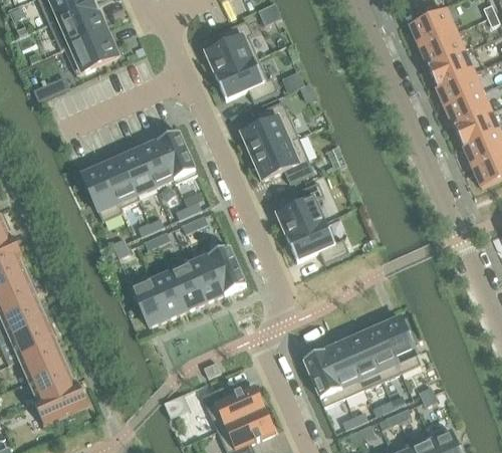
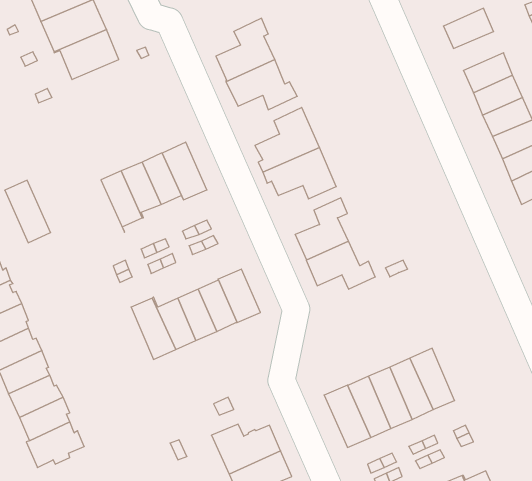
building: [419,31,464,66] -> none
building: [81,165,122,221] -> [5,180,51,243]

